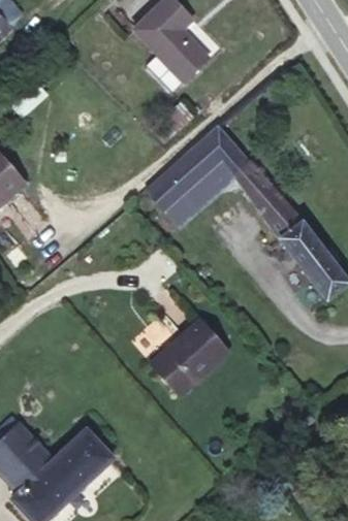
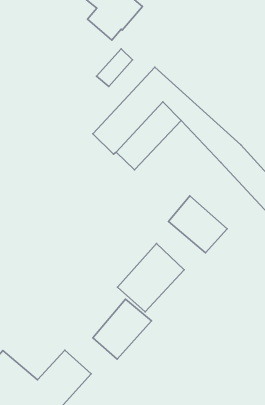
building: none -> [169,196,227,253]
building: none -> [93,299,151,359]

